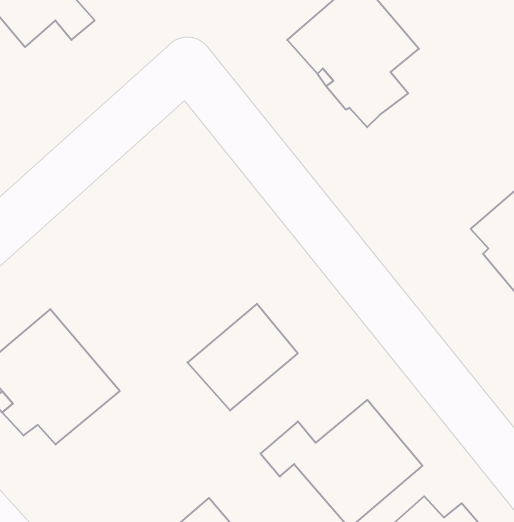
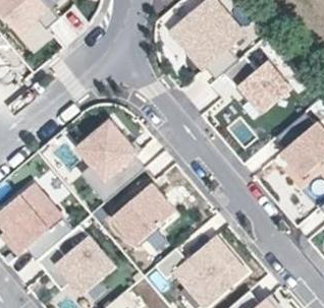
building: none -> [221,47,289,111]
building: none -> [75,119,143,201]
building: none -> [36,227,114,295]

